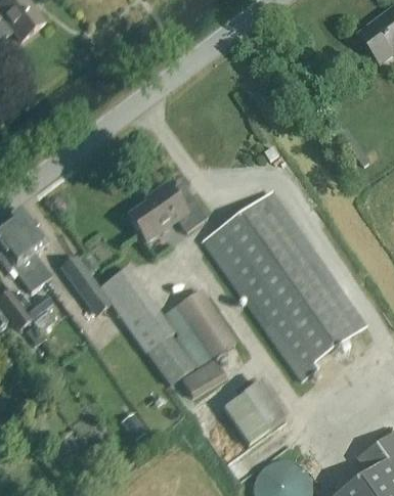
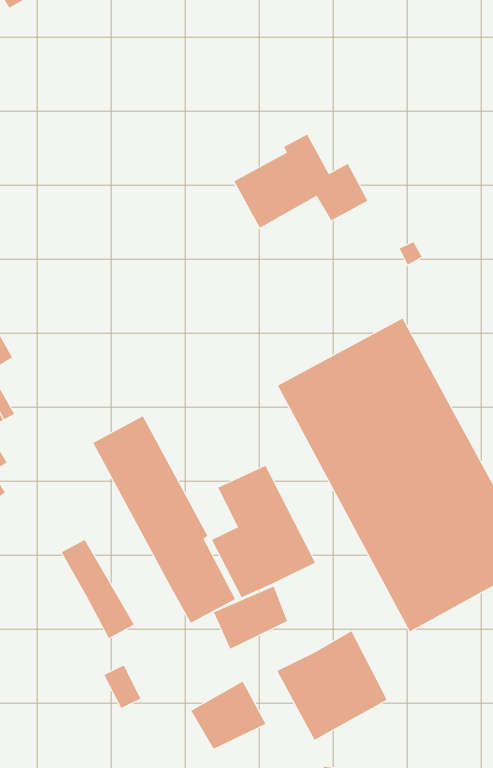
building: [127,183,207,241] -> [233,134,368,228]
building: [61,258,110,314] -> [61,539,135,639]
building: none -> [191,681,266,749]

